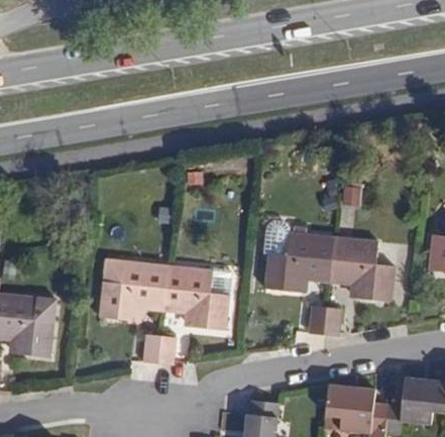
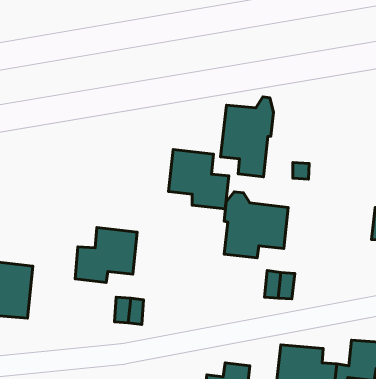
building: none -> [221,97,274,177]
building: [330,235,395,301] -> none
building: [163,262,230,328] -> [169,149,229,209]

